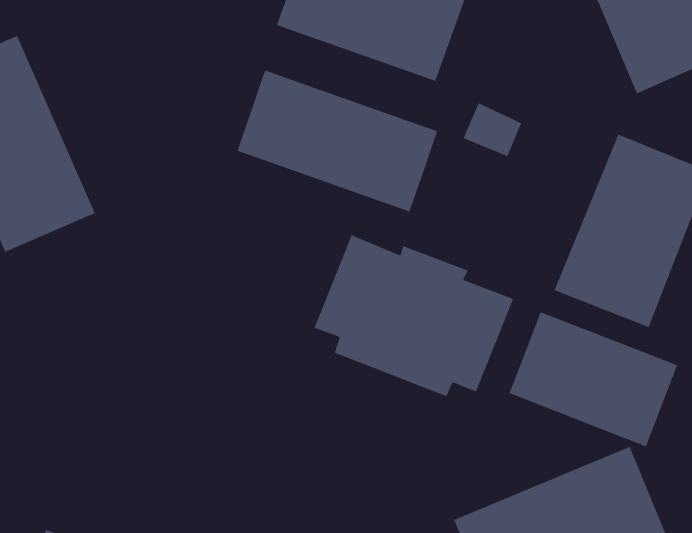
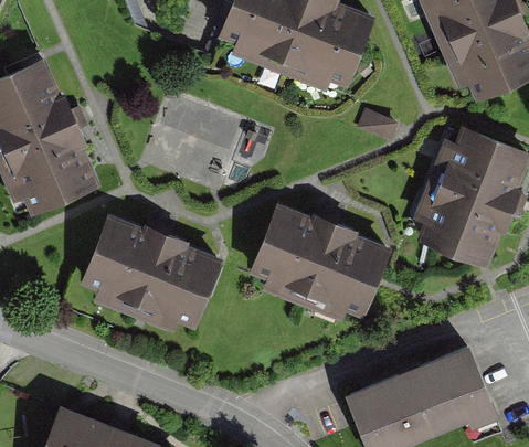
building: [236,70,438,213] -> none
building: none -> [80,212,220,326]
building: [508,311,678,447] -> none

